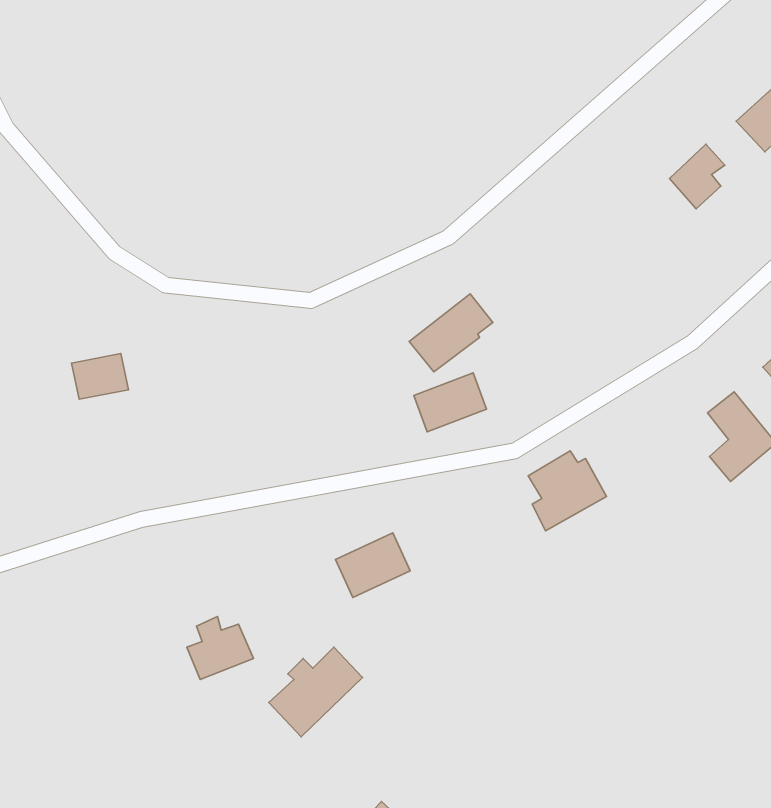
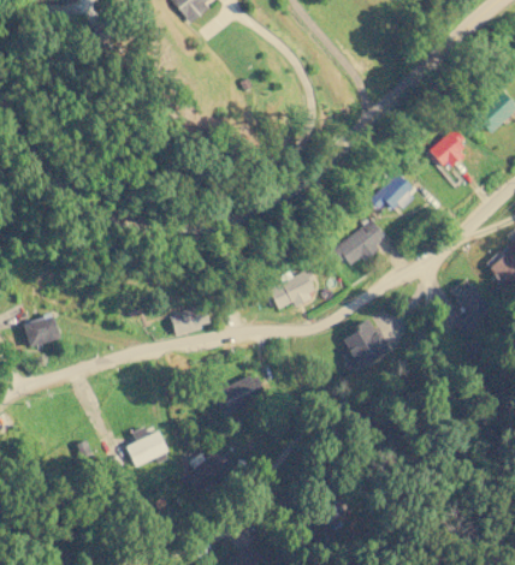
building: none -> [369,174,416,210]
building: [409,294,493,372] -> [333,219,386,268]
building: [71,354,129,399] -> [24,316,60,345]
building: none -> [171,305,211,333]

